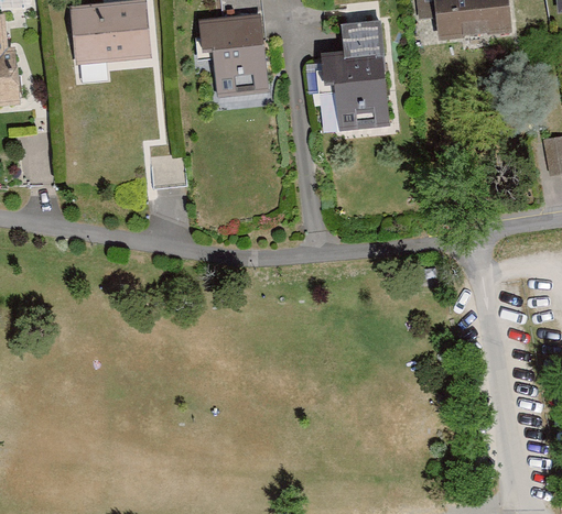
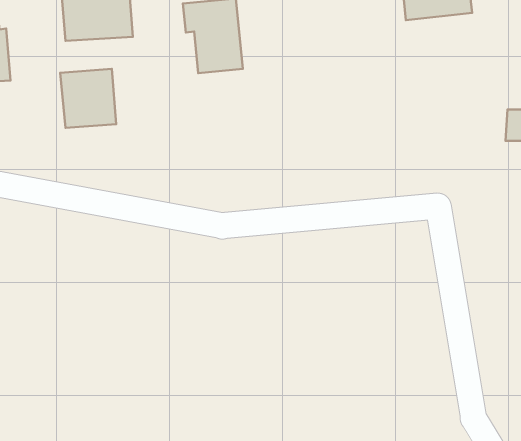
building: [321,26,387,128] -> none
building: none -> [60,69,116,128]

